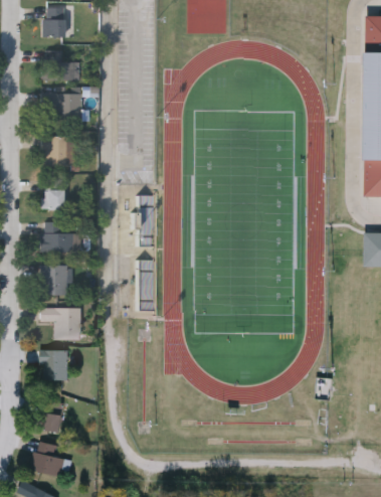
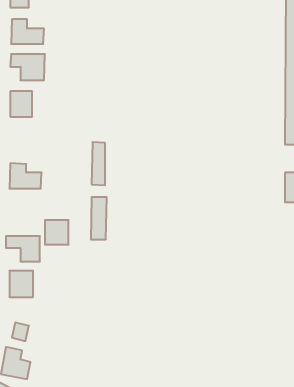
building: [42,181,63,209] -> none
building: [39,266,67,295] -> [45,220,69,245]

